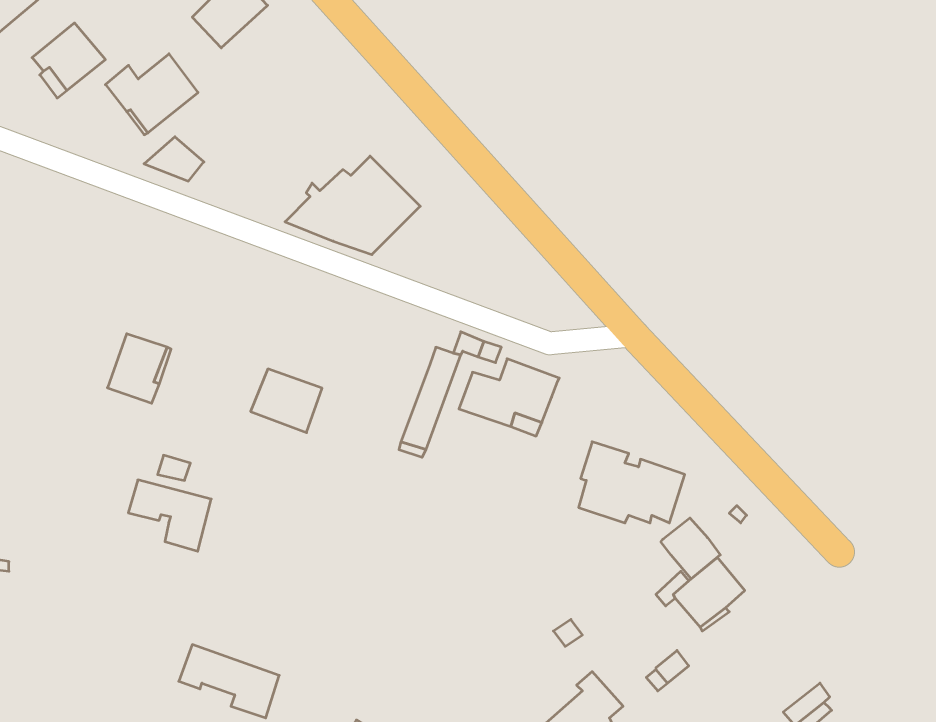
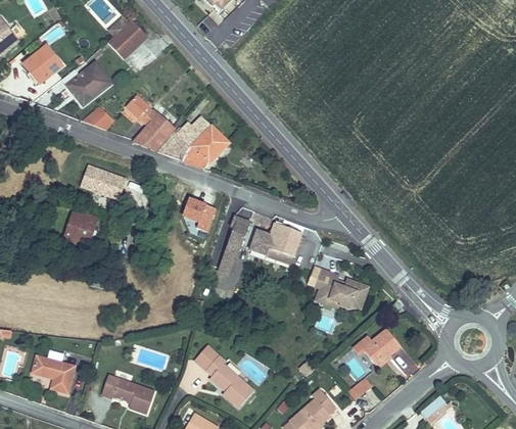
building: none -> [127,95,175,150]
building: none -> [81,165,127,199]
building: [251,369,322,433] -> [180,198,218,232]
building: [128,480,211,551] -> [32,355,76,393]
building: [661,518,720,579] -> none
building: none -> [194,345,253,408]

